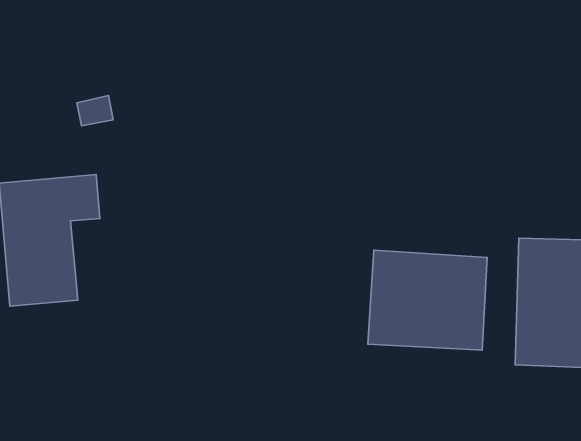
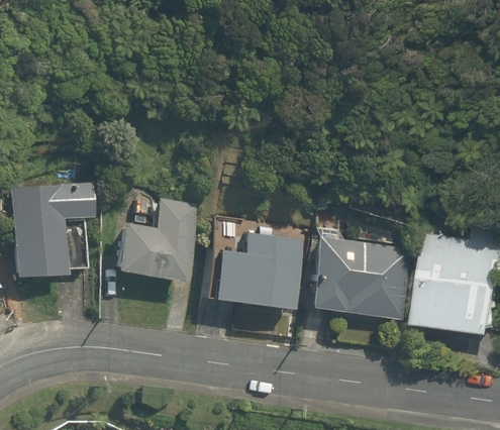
building: none -> [122,199,194,284]
building: none -> [210,231,303,312]

